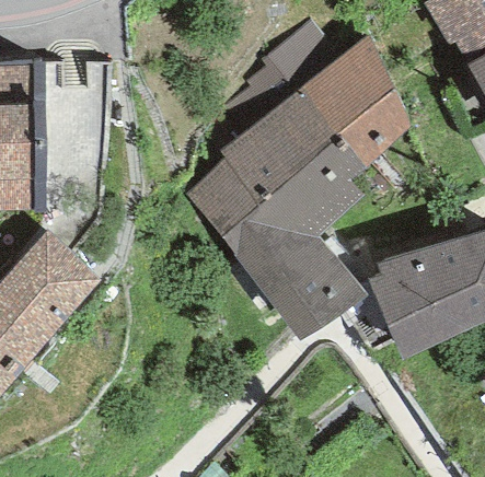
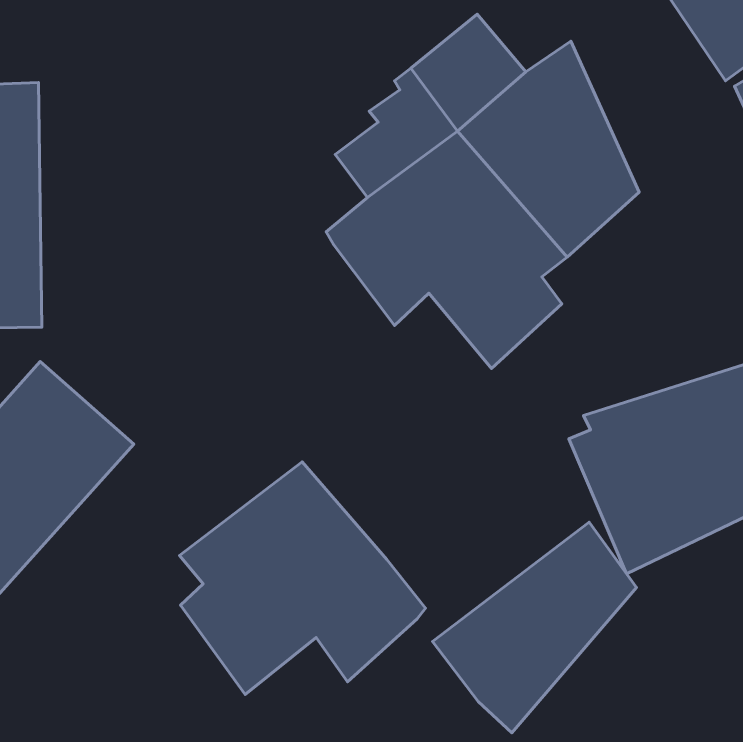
building: [186,160,369,341] -> none
building: none -> [179,462,426,695]
building: none -> [432,522,637,733]

